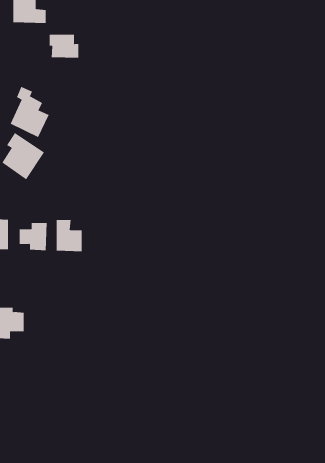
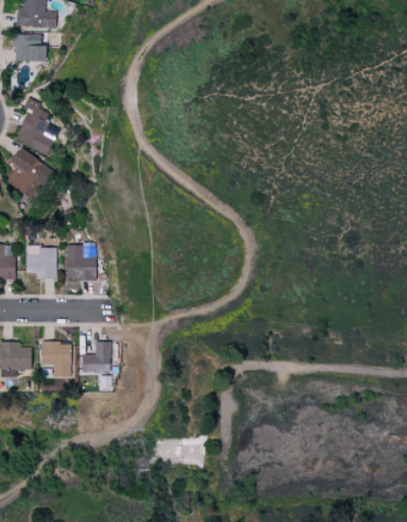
building: [49,34,79,58] -> [12,35,46,61]
building: none -> [41,342,70,378]
building: none -> [83,342,111,372]

